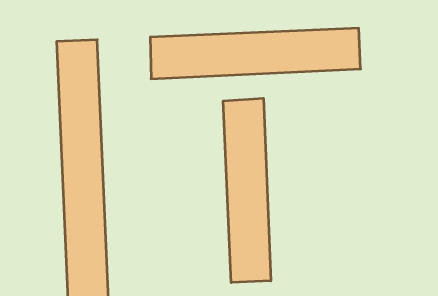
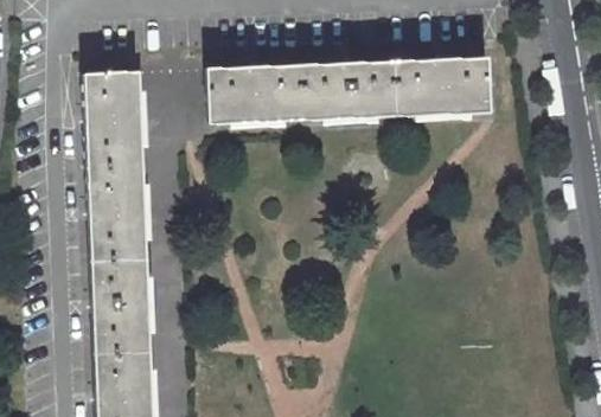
building: [223,98,271,283] -> none

